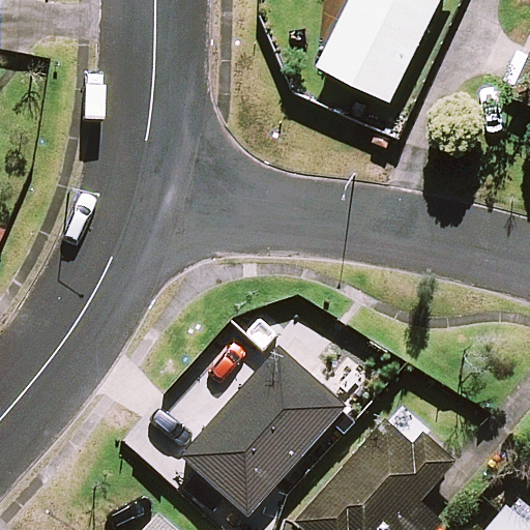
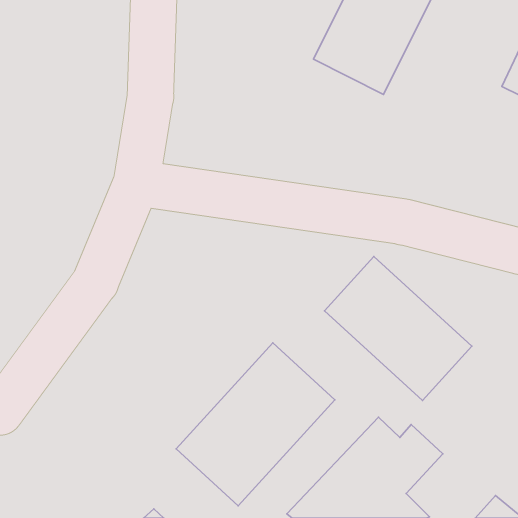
building: none -> [325,257,472,400]

